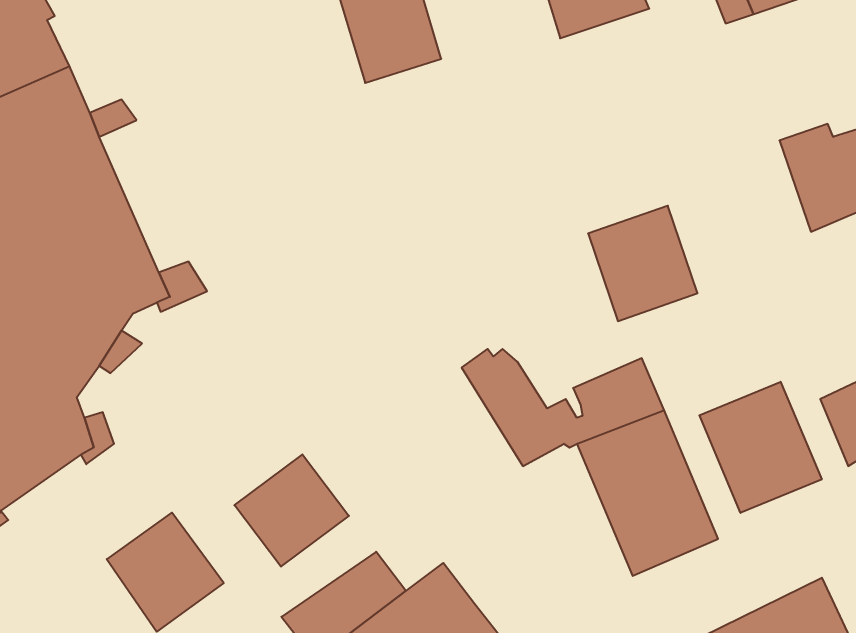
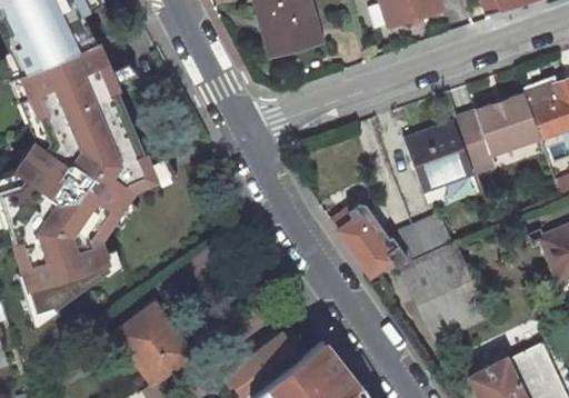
building: none -> [456,96,540,176]
building: [699,382,822,513] -> none
building: [234,454,349,567] -> none

